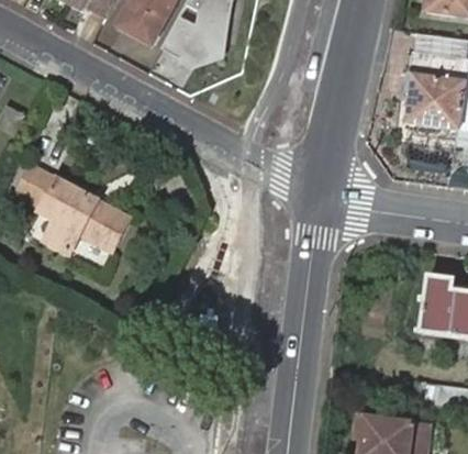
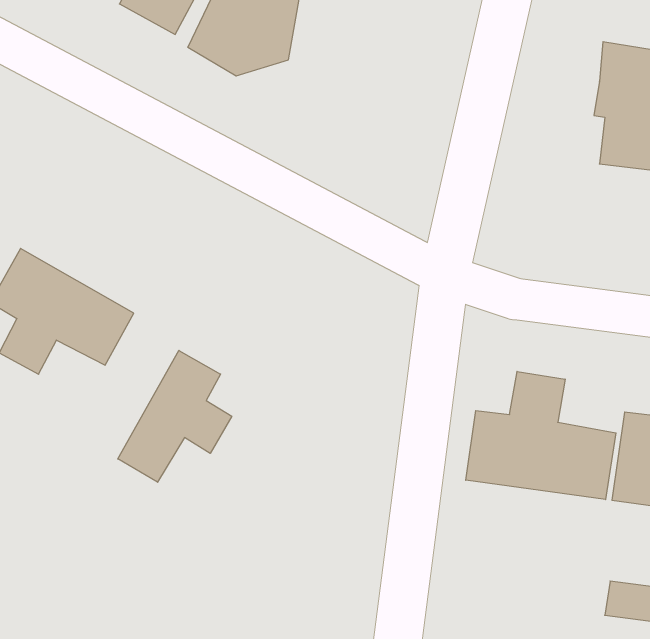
building: none -> [118,350,232,482]
building: none -> [466,371,616,500]

